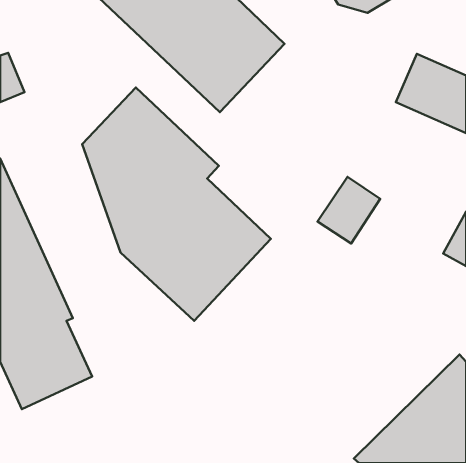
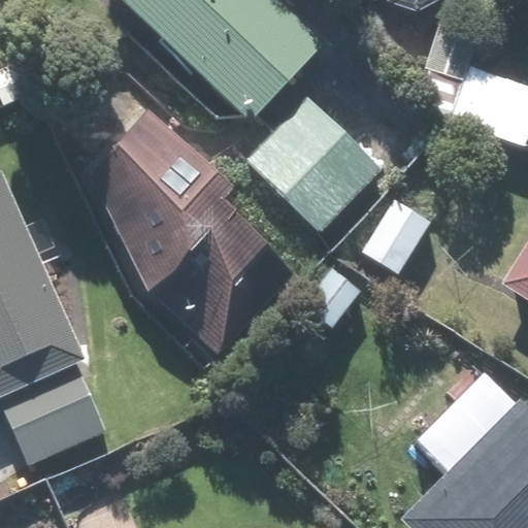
building: none -> [246,93,380,227]

